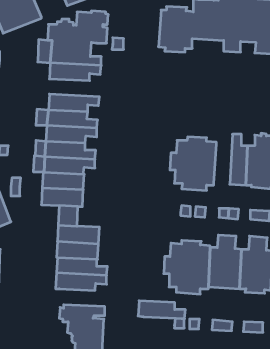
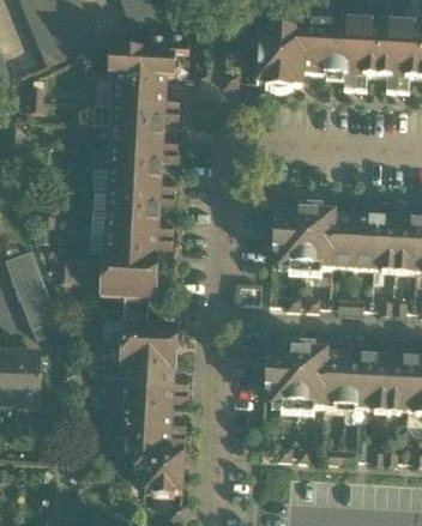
building: none -> [110,125,177,149]
building: none -> [331,198,356,266]
building: [138,301,185,319] -> [122,406,186,430]

